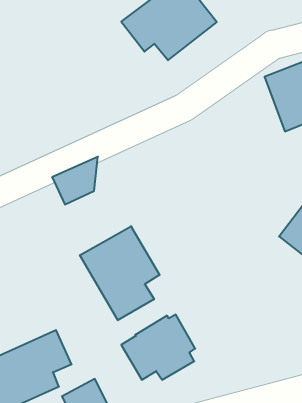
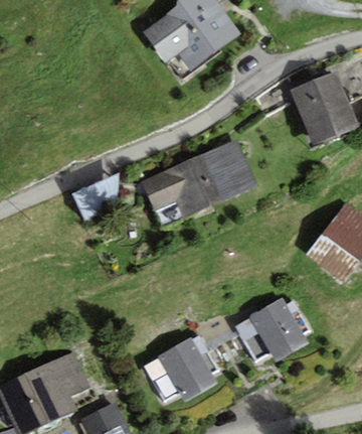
building: none -> [140,138,256,227]
building: [80,226,160,320] -> none
building: none -> [234,296,310,363]

